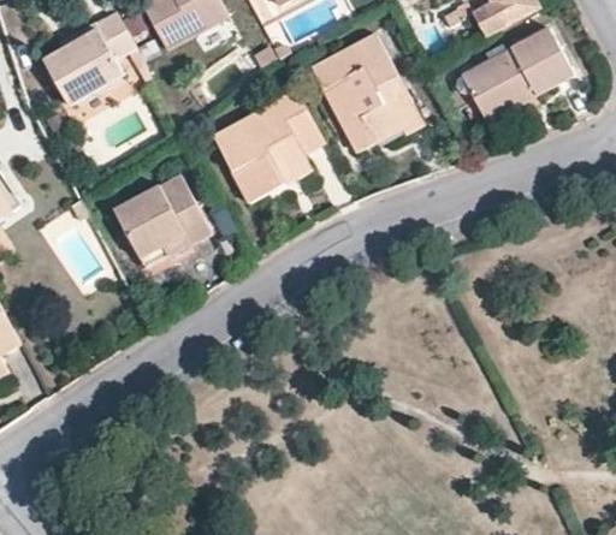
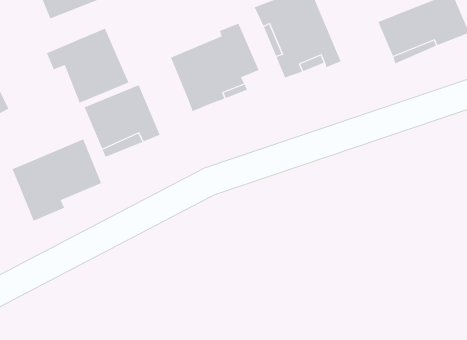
building: none -> [46,28,129,103]
building: none -> [12,139,102,222]

